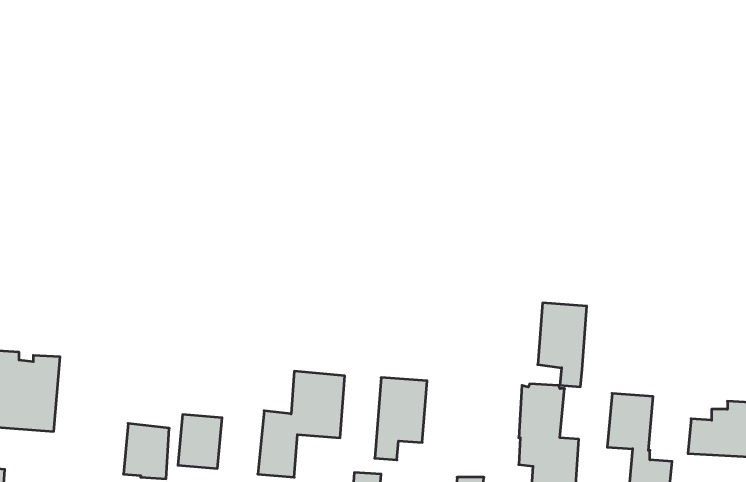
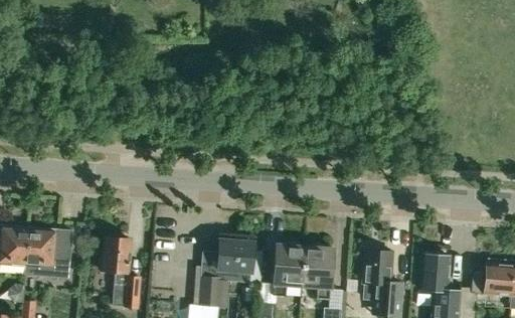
building: [538,303,587,387] -> [303,245,334,298]
building: [178,415,222,468] -> [103,235,131,270]

